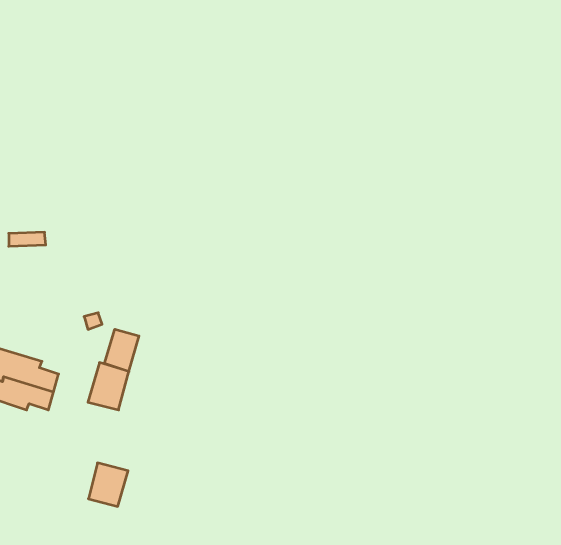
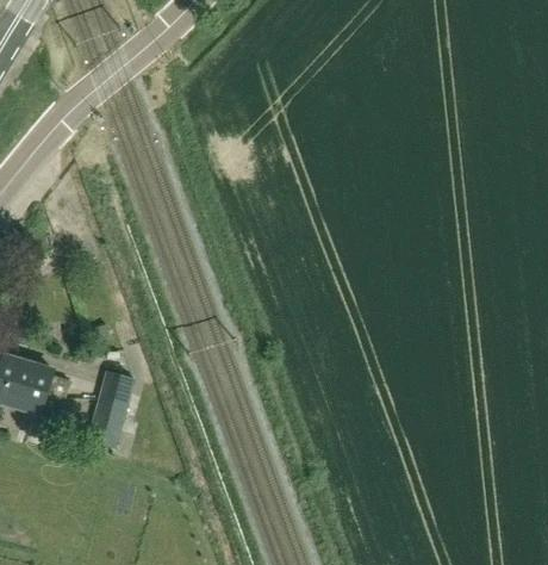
building: [104,329,139,371] -> none
building: [88,463,128,506] -> [87,406,124,447]

